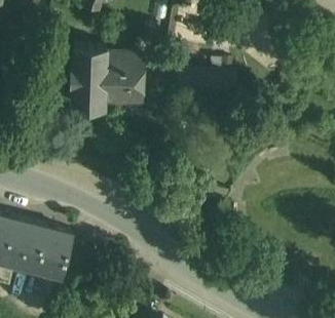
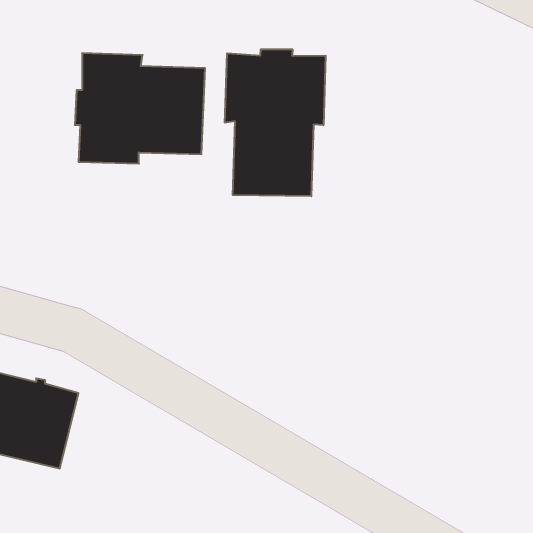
building: none -> [225,49,326,196]

